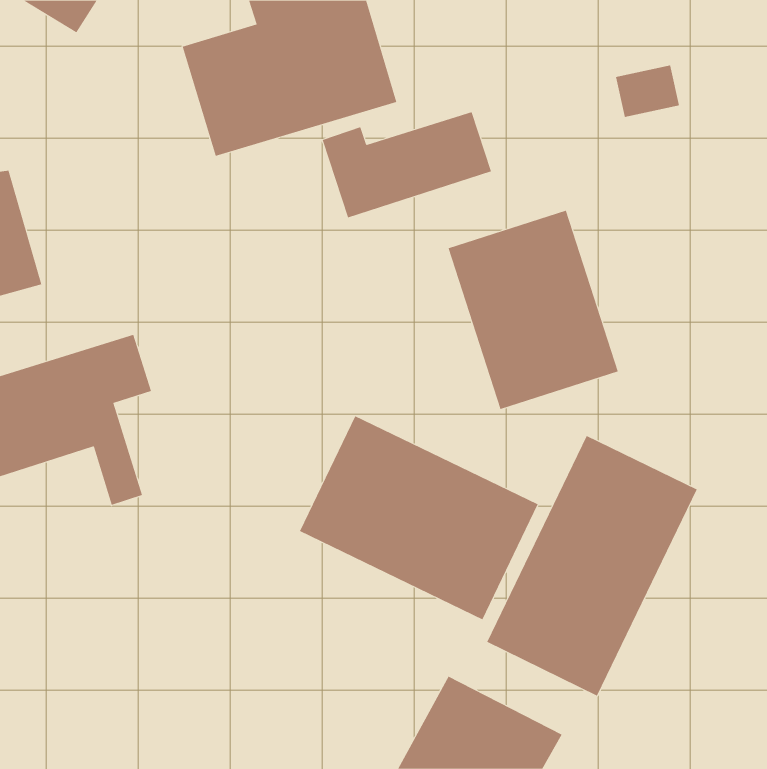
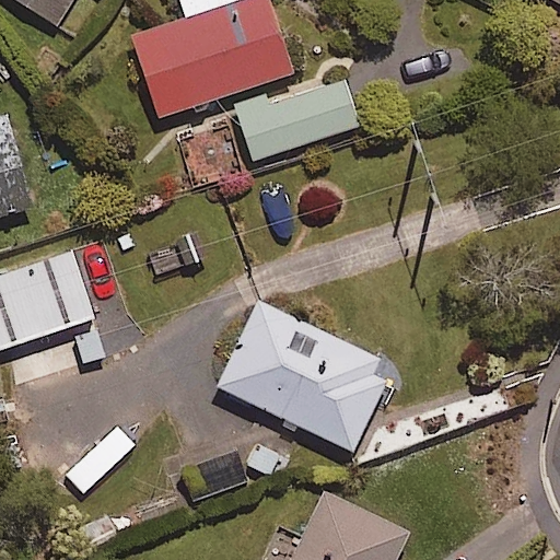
building: [448,210,619,410] -> none
building: [486,435,697,696] -> none

